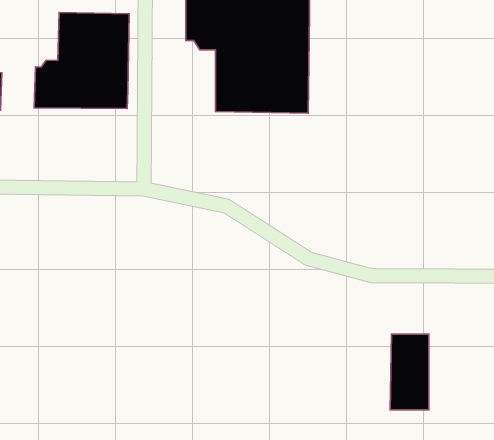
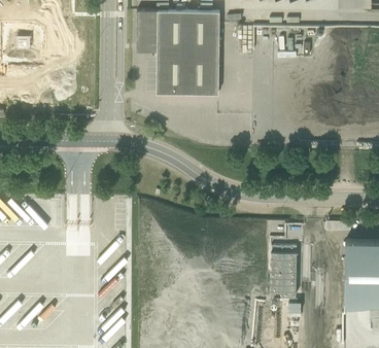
building: [34,13,129,108] -> none

